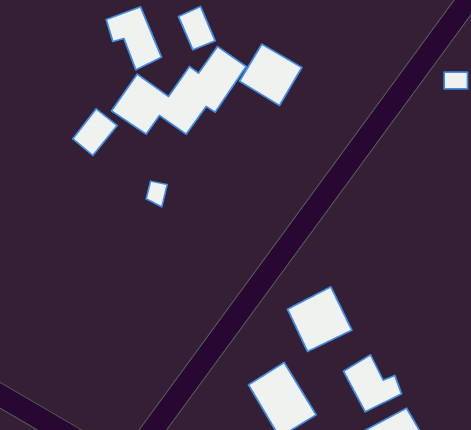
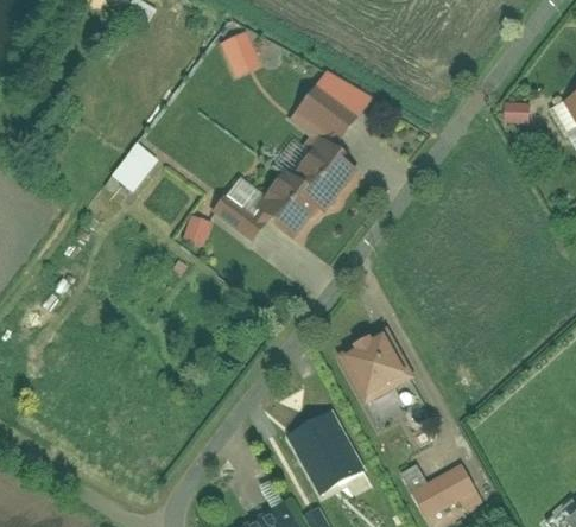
building: [106,7,162,70] -> none
building: [112,46,246,134] -> [210,139,354,233]
building: [343,355,402,412] -> none

